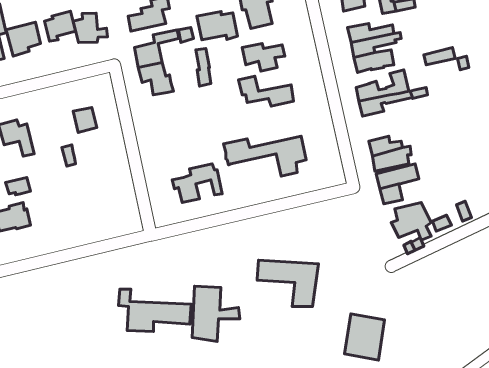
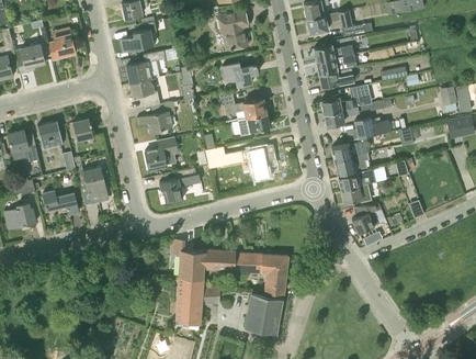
building: [197,11,238,40] -> none
building: [73,13,107,43] -> none
building: none -> [137,102,175,135]
building: none -> [237,114,269,137]
building: none -> [354,119,390,139]
building: none -> [37,122,63,150]
building: none -> [145,137,178,170]
building: none -> [82,168,106,205]
building: none -> [42,191,78,215]
building: [118,289,191,332] -> [171,240,235,278]
building: [345,314,385,360] -> [246,294,281,335]

